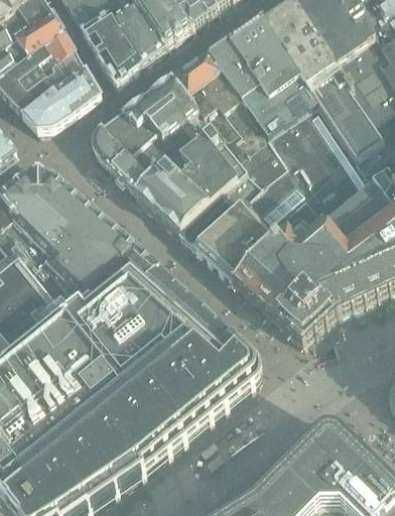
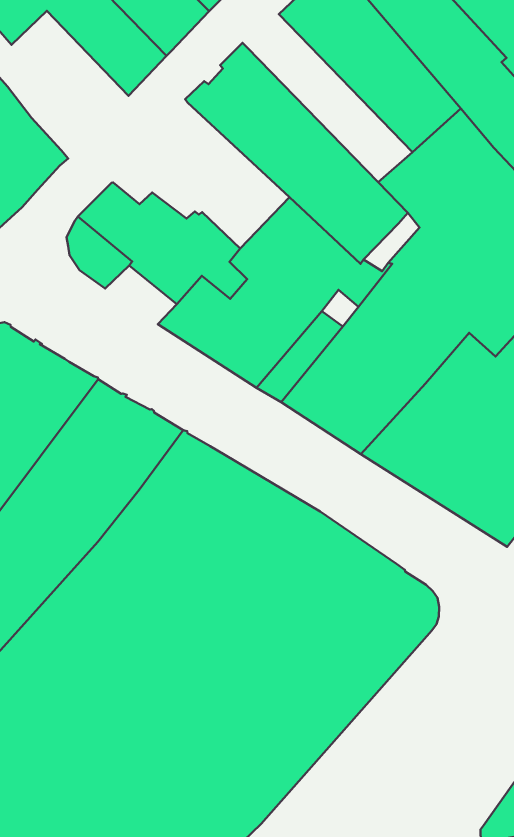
building: [82,10,140,81] -> none
building: [209,33,288,133] -> none
building: [123,73,218,156] -> none
building: [110,155,147,189] -> none

